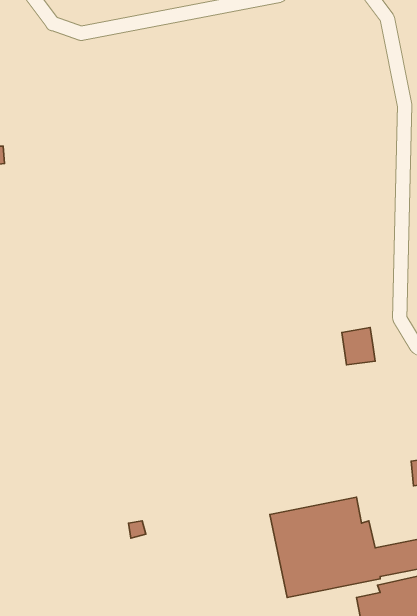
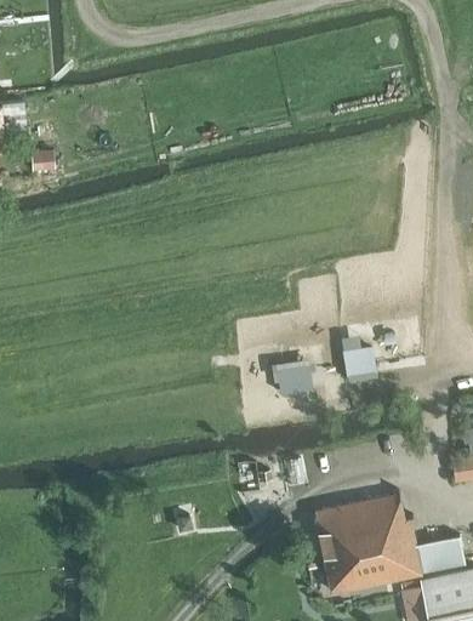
building: [342,328,375,365] -> [342,347,375,383]
building: none -> [274,360,310,395]

